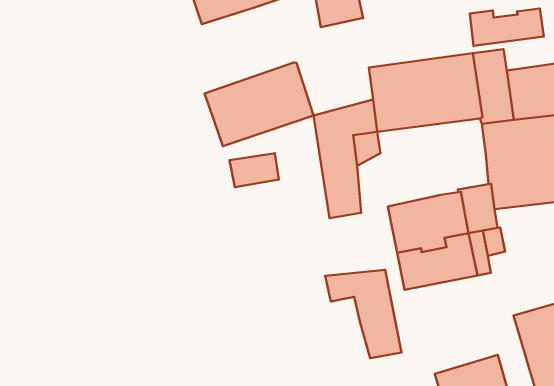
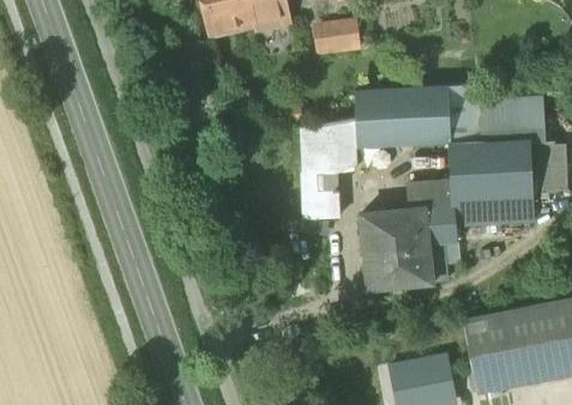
building: [470,8,544,46] -> none
building: [205,63,314,146] -> none
building: [229,153,279,187] -> none
building: none -> [409,176,452,208]
building: [325,270,401,358] -> none

